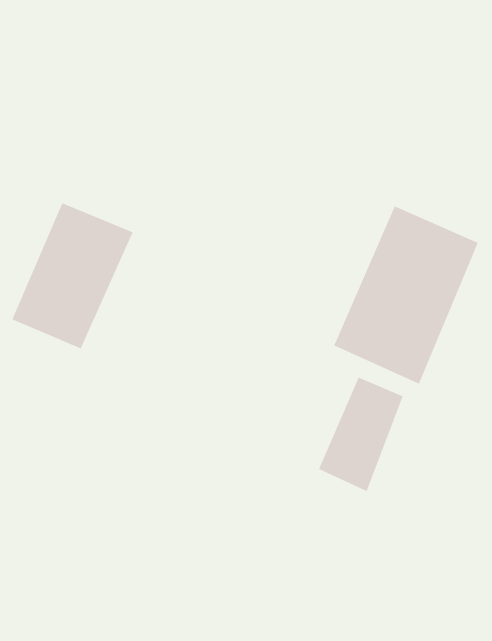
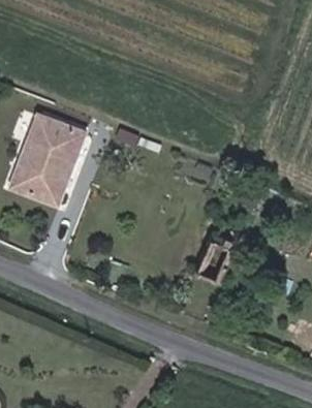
building: [334,205,479,385] -> none

